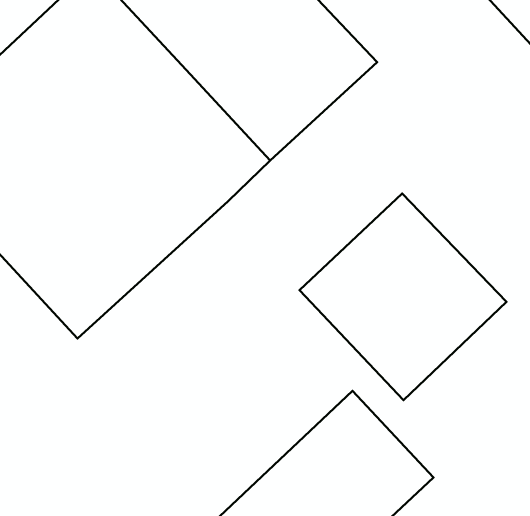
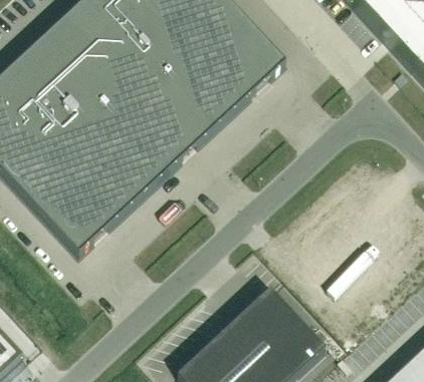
building: [300,193,507,400] -> none

